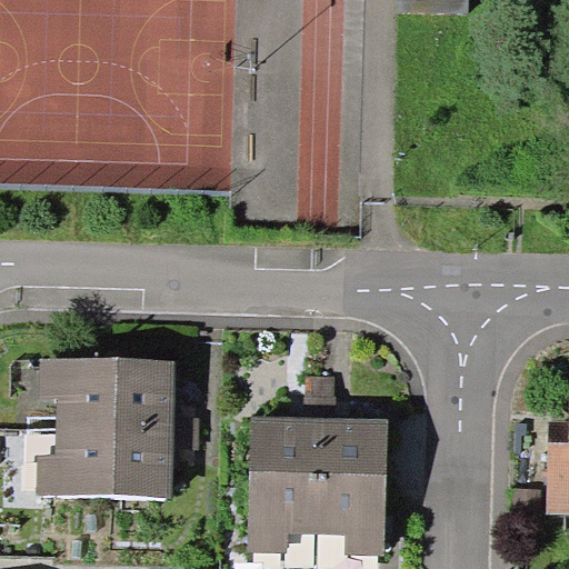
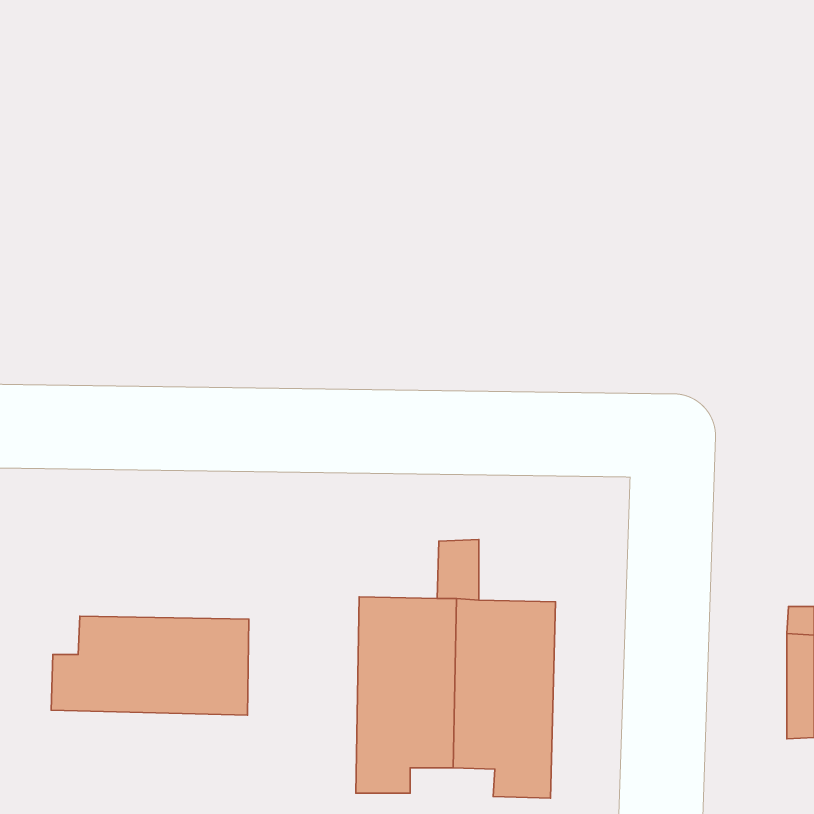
building: [40,359,176,432] -> none

